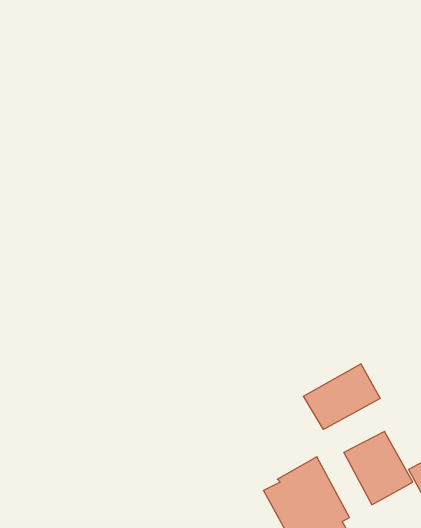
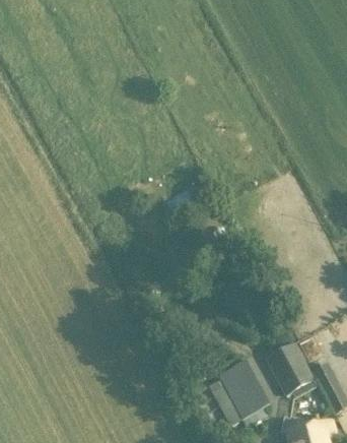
building: [304,364,380,429] -> none

